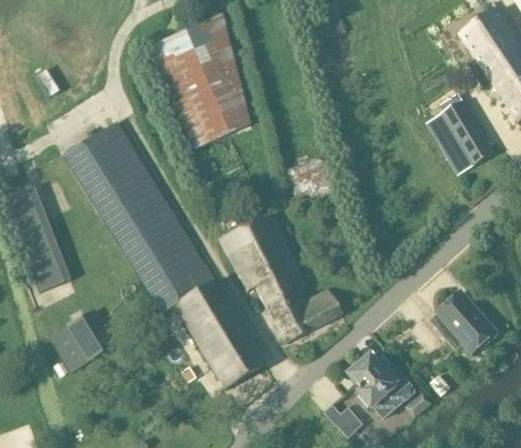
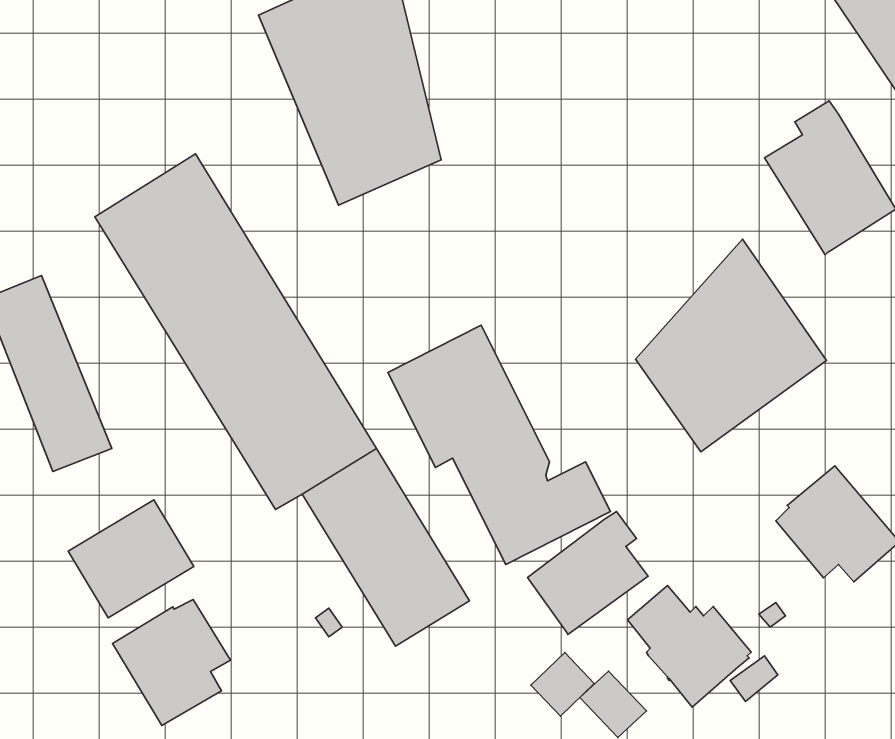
building: none -> [636,239,826,452]
building: none -> [528,512,648,634]
building: none -> [112,599,230,726]
building: none -> [531,652,594,716]

